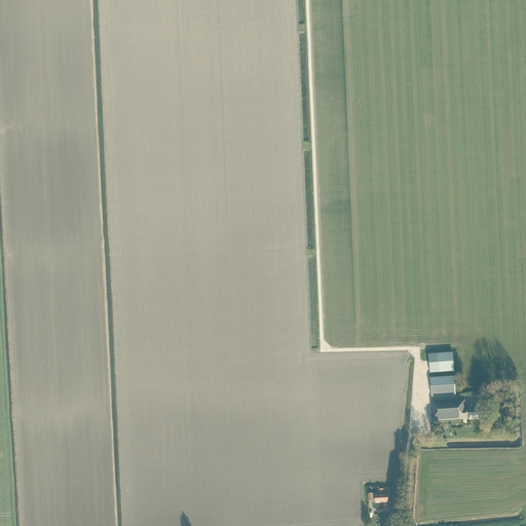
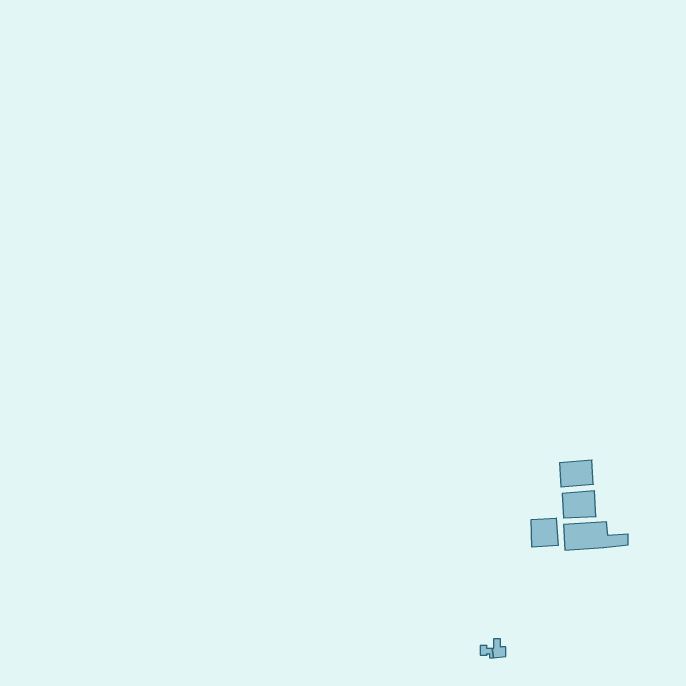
building: none -> [531,518,558,547]

